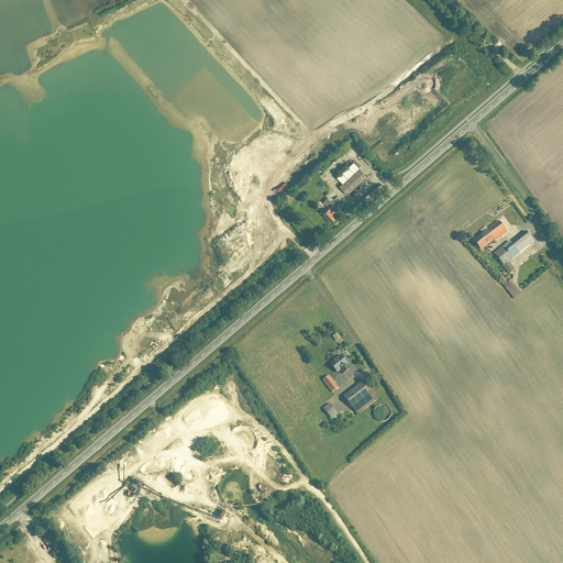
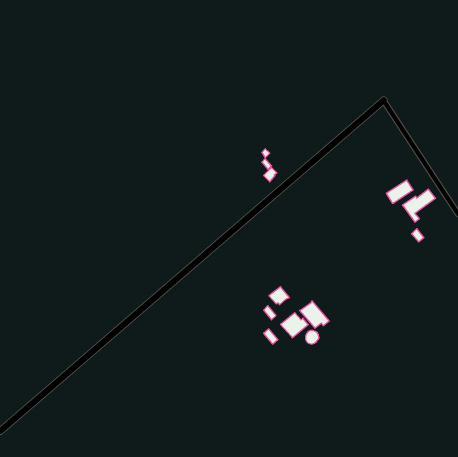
building: [336,162,367,195] -> none
building: none -> [300,301,329,328]

